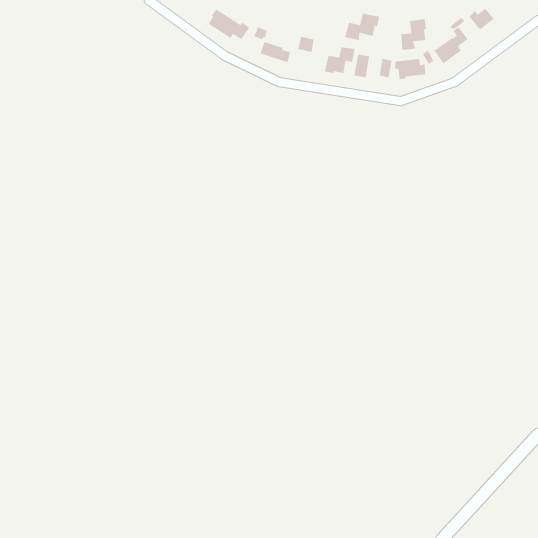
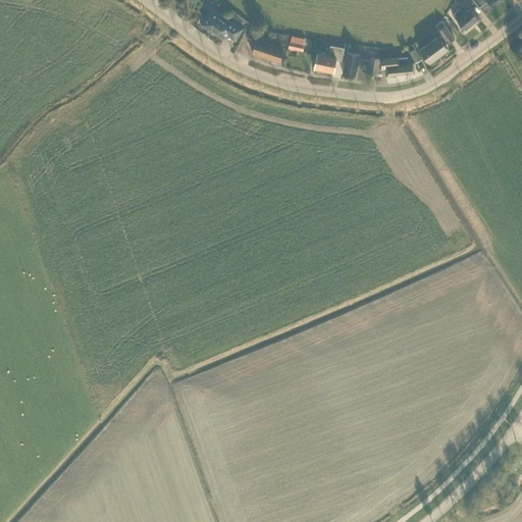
building: [344,13,380,41] -> none
building: [401,18,427,51] -> none

